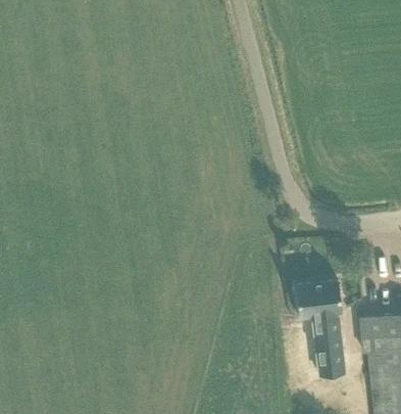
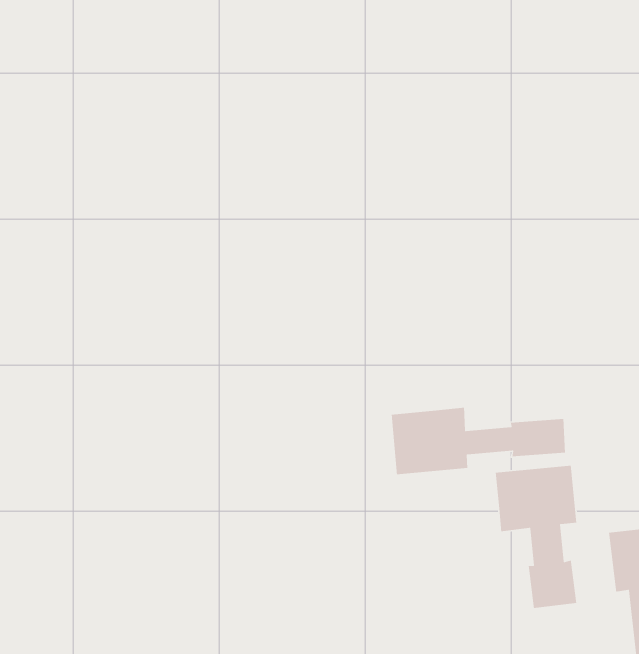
building: none -> [391,407,566,475]

